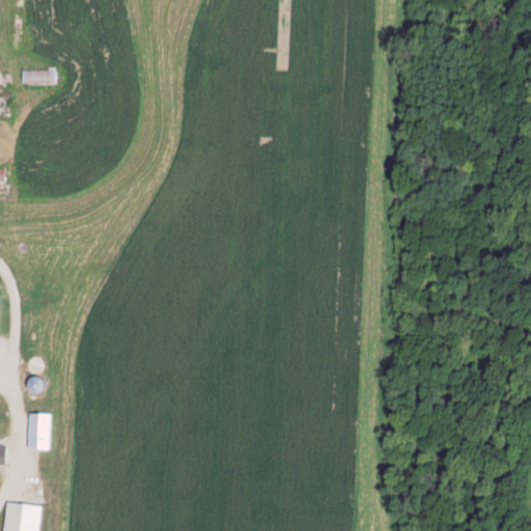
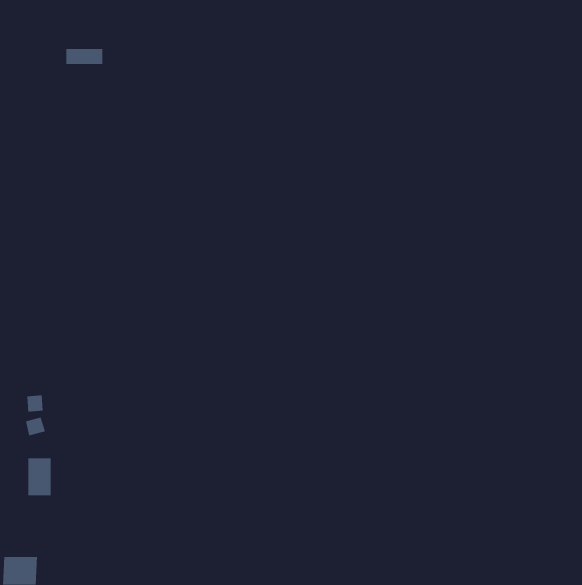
building: [22,69,56,84] -> [65,49,103,65]

